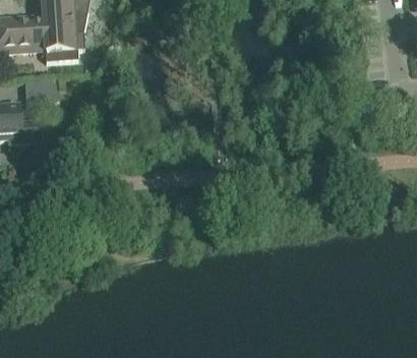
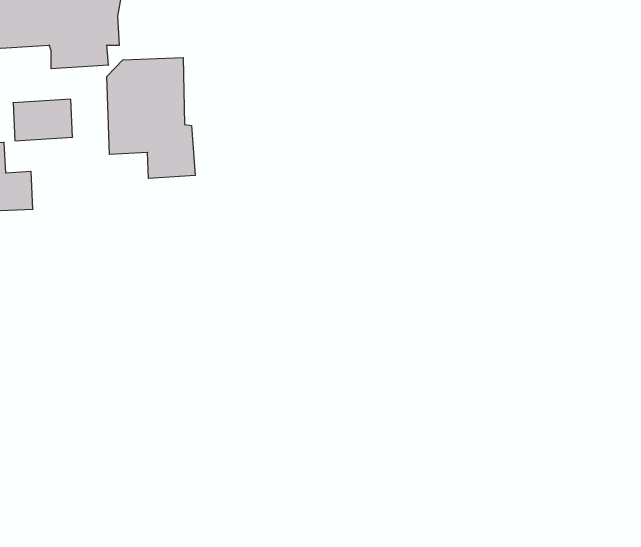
building: none -> [107,58,195,178]

